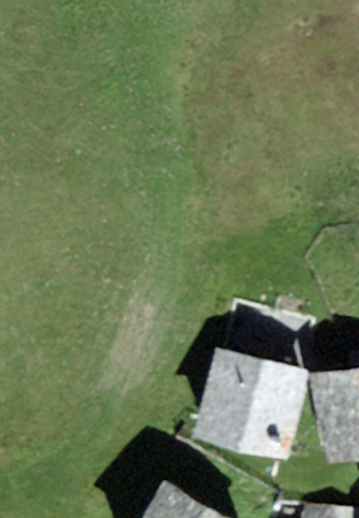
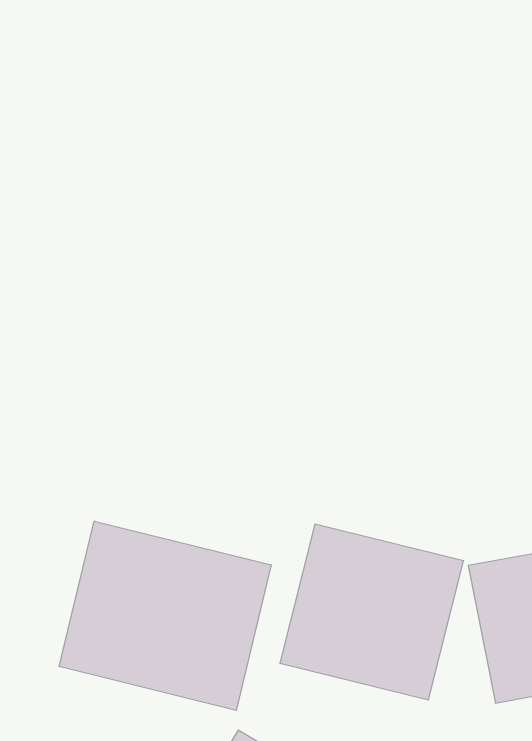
building: none -> [59,521,271,710]

